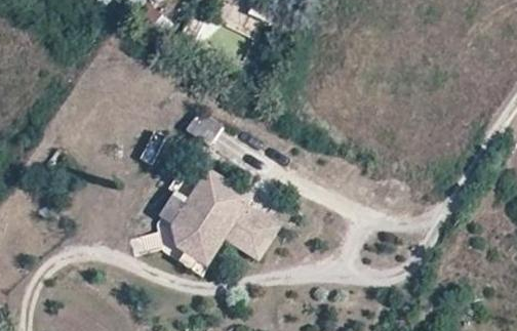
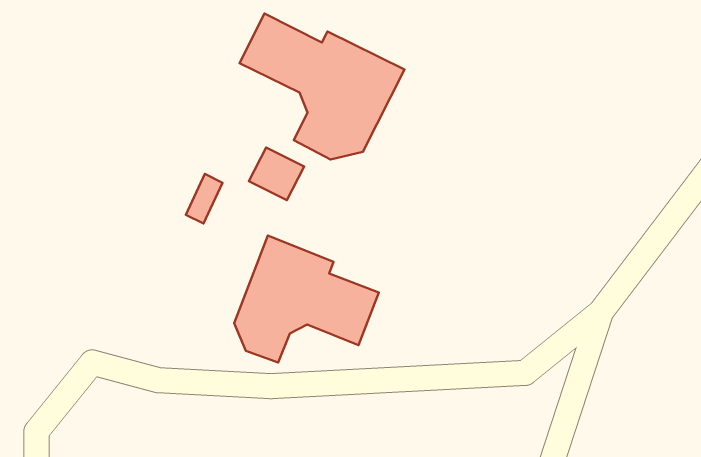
building: none -> [240,13,405,159]

